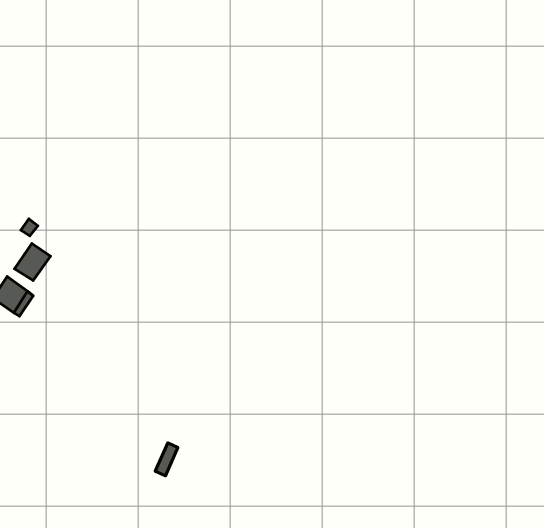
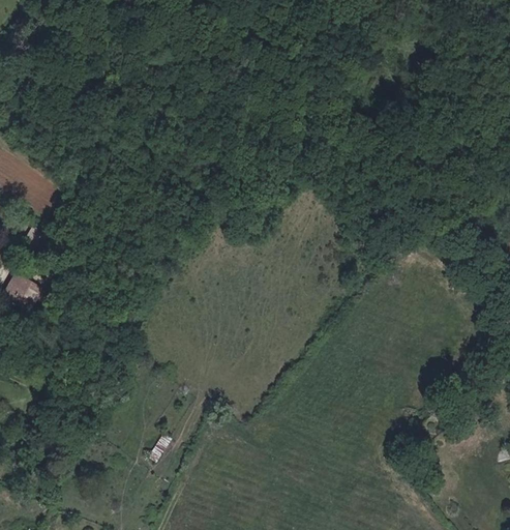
building: [15,243,51,281] -> none

